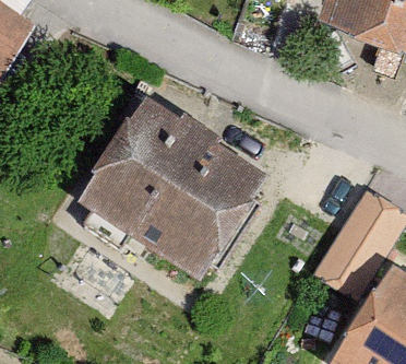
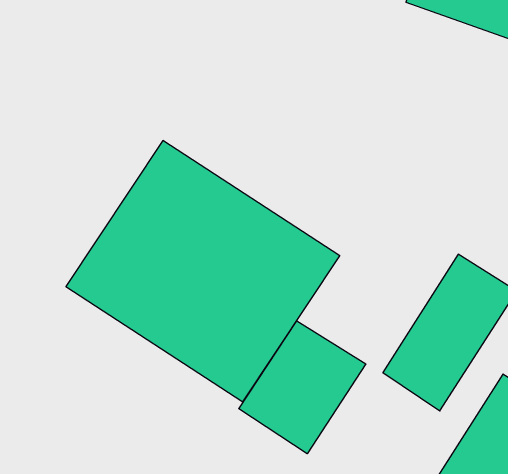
building: none -> [239,321,366,454]

